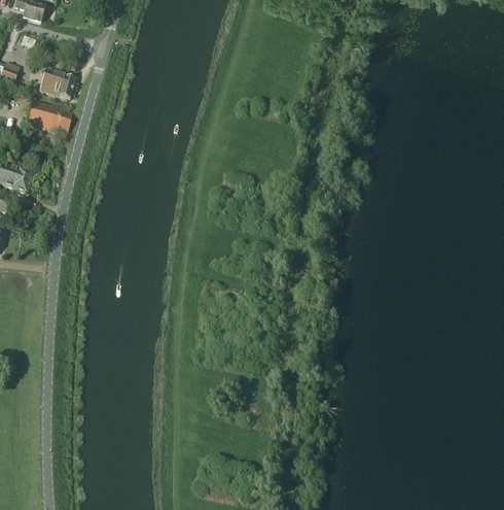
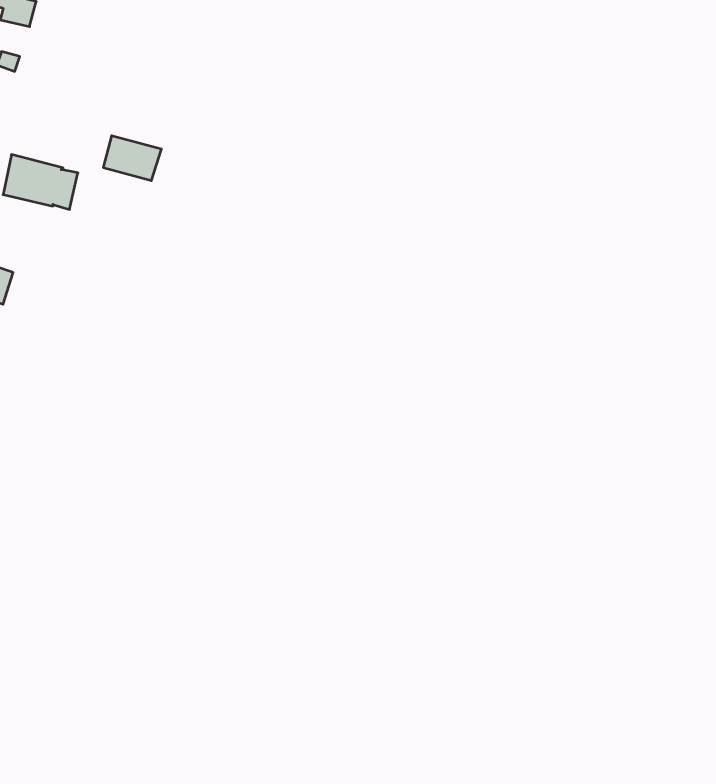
building: [39,70,75,98] -> [103,136,161,181]

